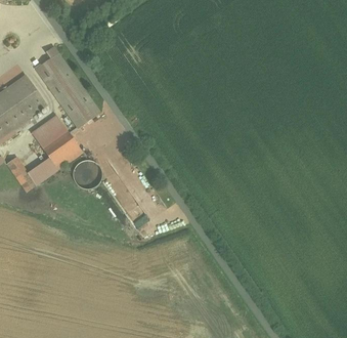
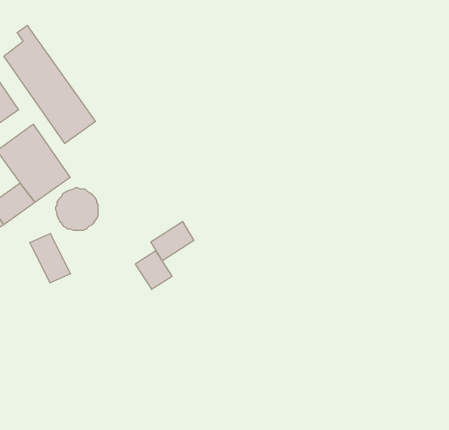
building: none -> [151,221,194,261]
building: none -> [30,233,71,283]

